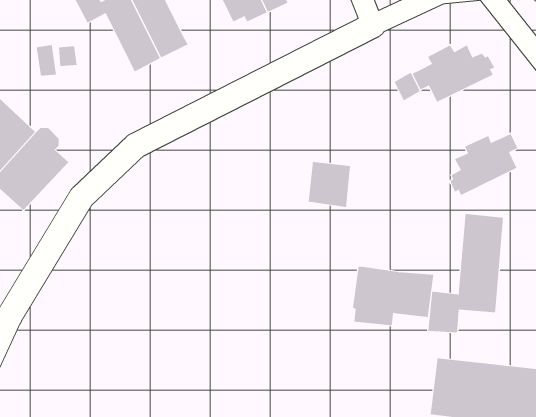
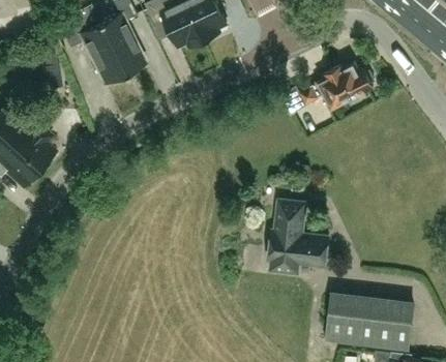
building: [450,133,518,196] -> none
building: [308,162,351,207] -> [274,199,306,233]
building: [428,213,503,333] -> none

